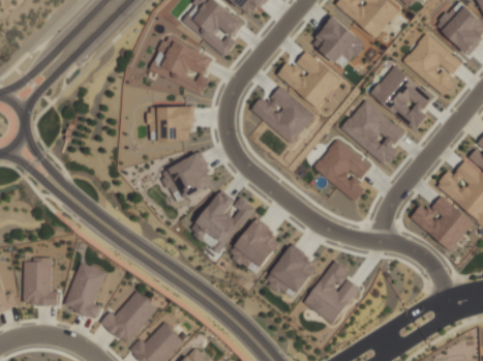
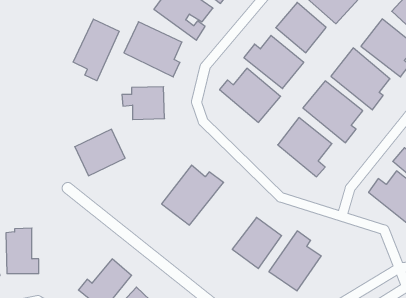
building: none -> [73,19,119,81]
building: [160,152,214,202] -> [75,129,125,176]
building: [229,219,282,274] -> none
building: [63,262,105,318] -> none

